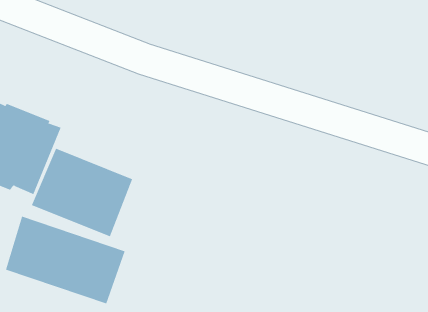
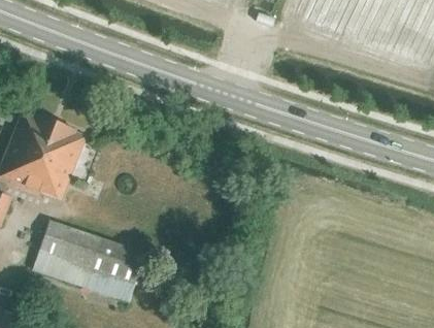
building: [31,148,133,237] -> none

